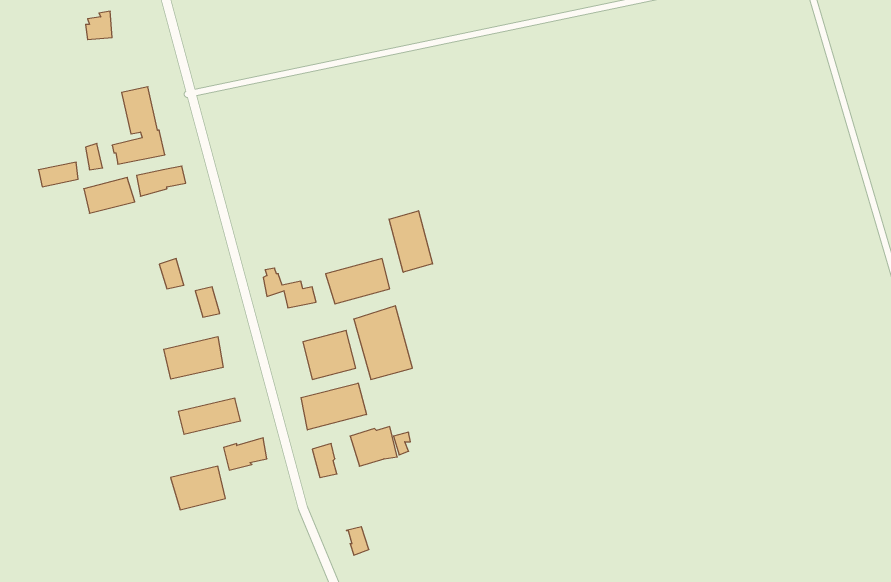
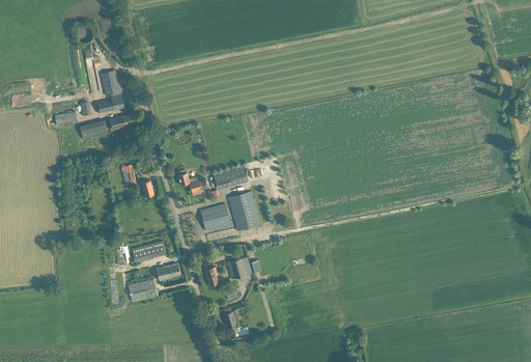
building: [389,211,433,272] -> none
building: [164,337,223,379] -> none
building: [301,383,366,430] -> none

